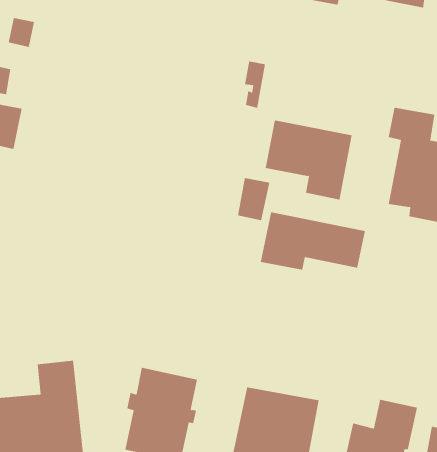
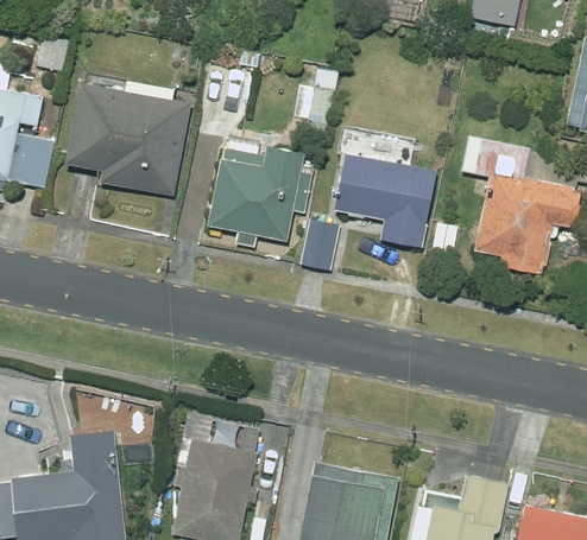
building: none -> [62,82,191,196]
building: none -> [206,147,304,242]
building: [260,212,365,271] -> none

